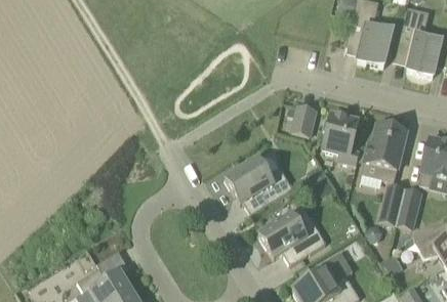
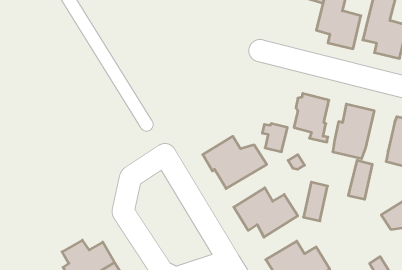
building: [288,104,315,134] -> [262,124,287,152]
building: [396,186,421,227] -> [303,182,328,221]

